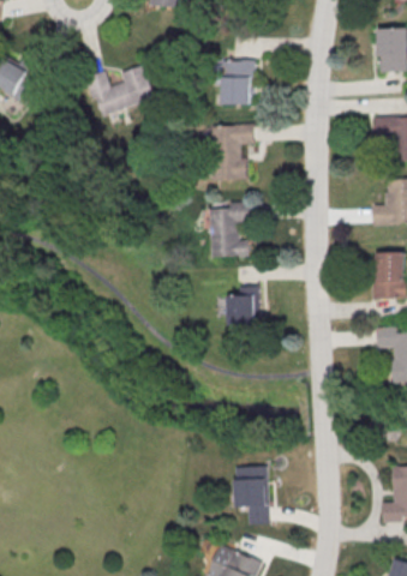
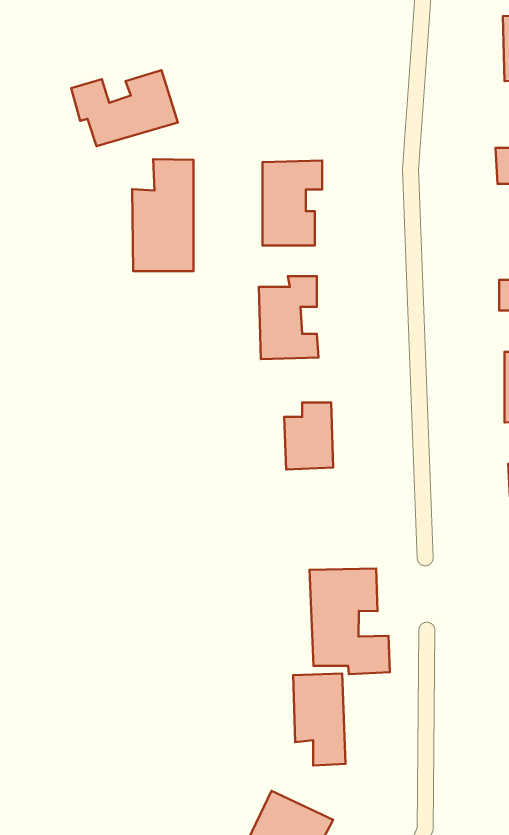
building: [222,60,253,106] -> none
building: none -> [132,159,193,271]
building: none -> [310,569,390,674]

